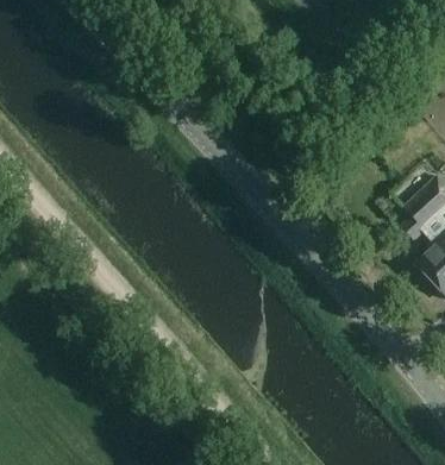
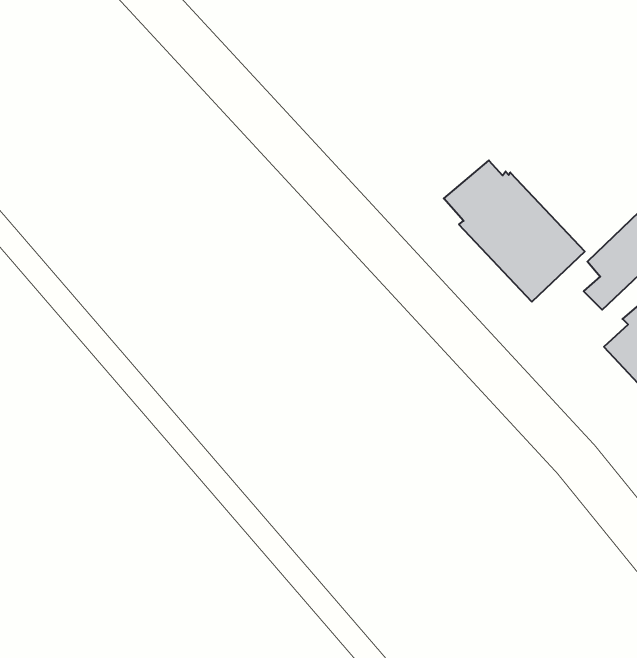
building: none -> [444,160,585,302]

